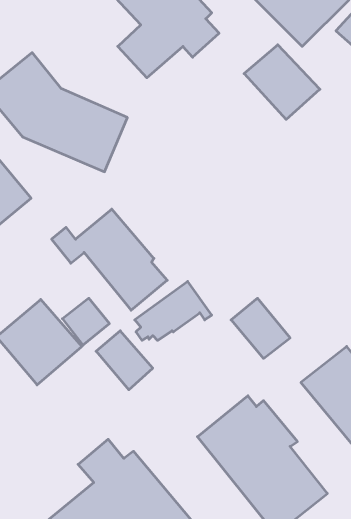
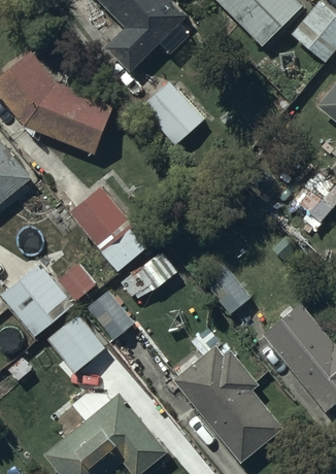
building: [244,45,320,119] -> [140,80,205,144]
building: none -> [46,312,106,373]

